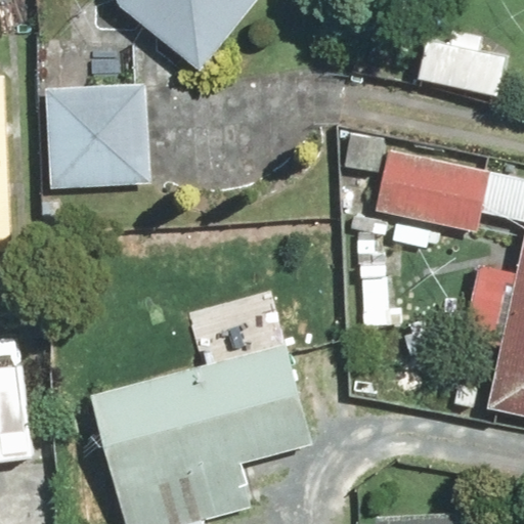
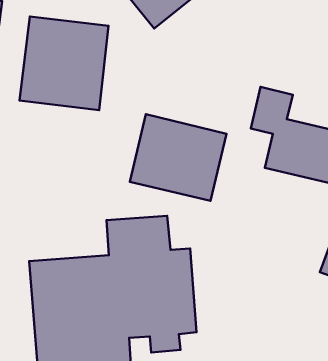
building: none -> [130,114,226,201]

